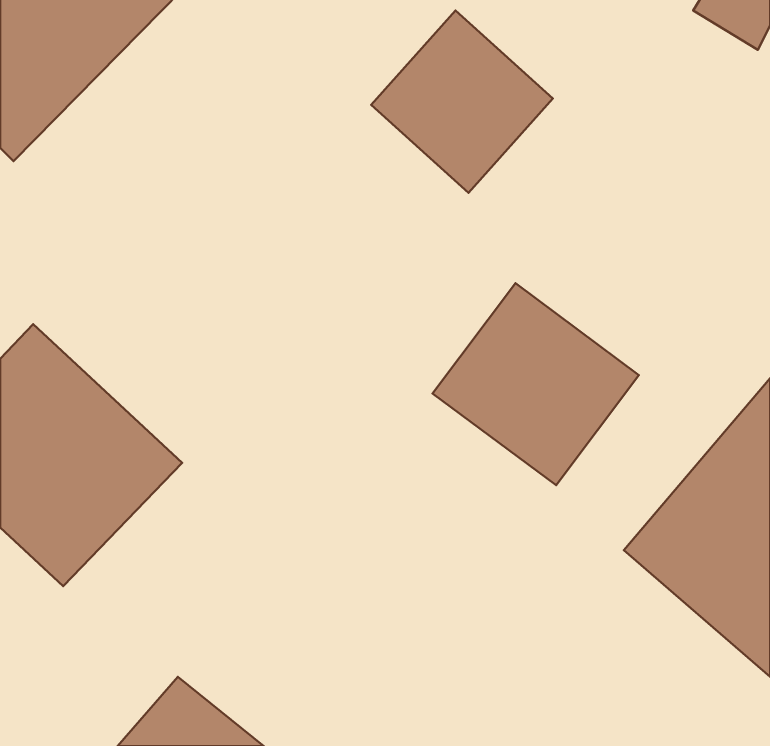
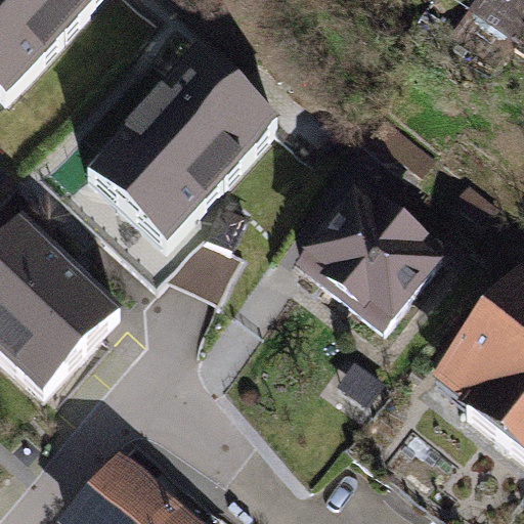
building: [371,10,553,193] -> none
building: none -> [86,41,285,245]

